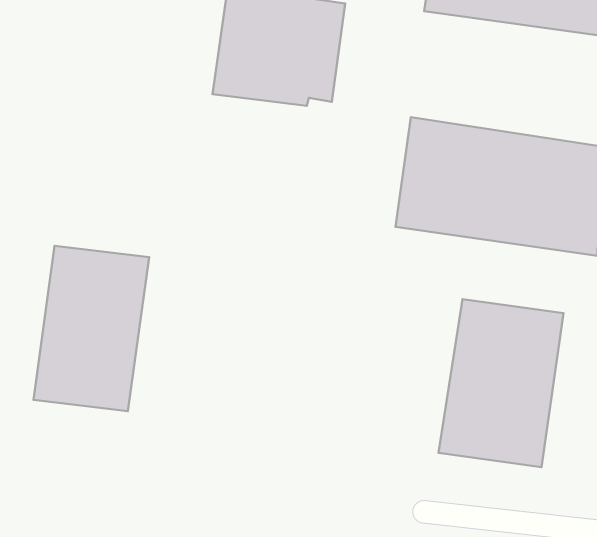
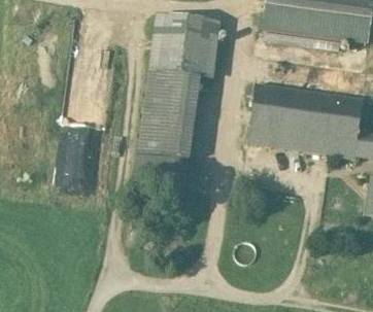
building: [33,246,149,411] -> [138,72,200,161]
building: [438,299,564,467] -> none

